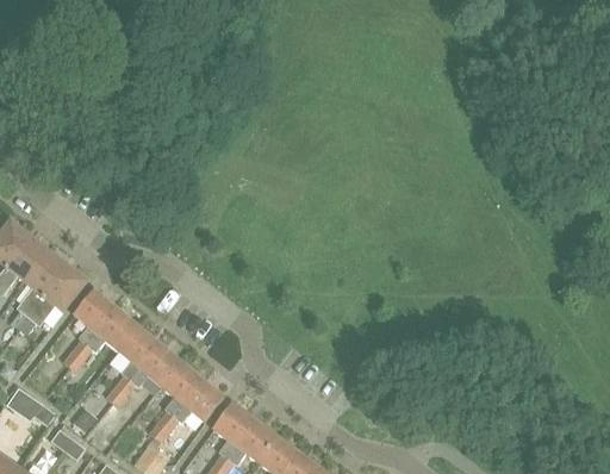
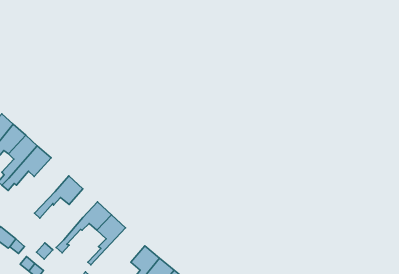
building: [64,289,116,364] -> none
building: [106,325,160,401] -> none
building: [155,379,225,442] -> none

